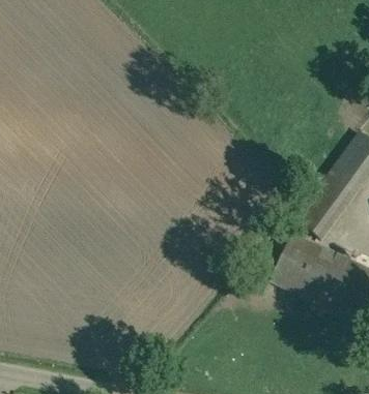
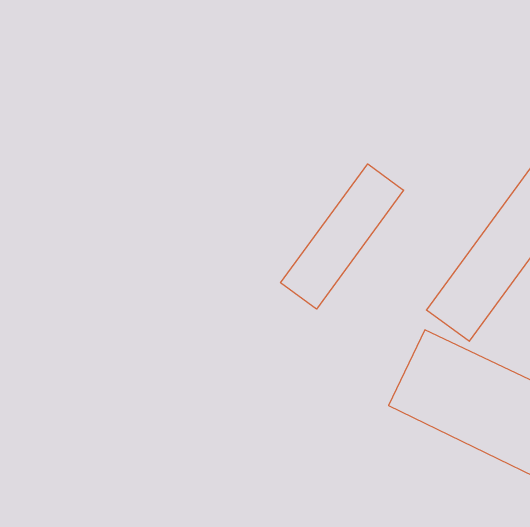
building: none -> [281,164,404,309]

